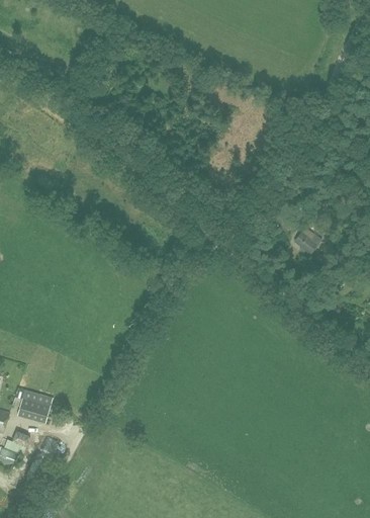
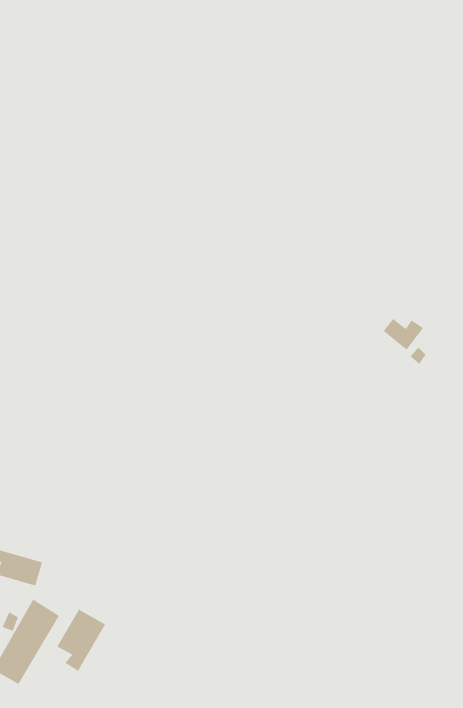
building: none -> [57,609,106,672]

